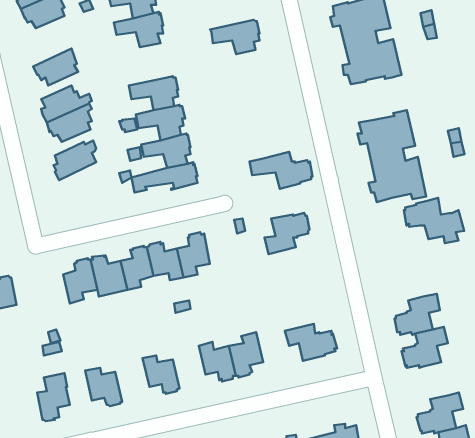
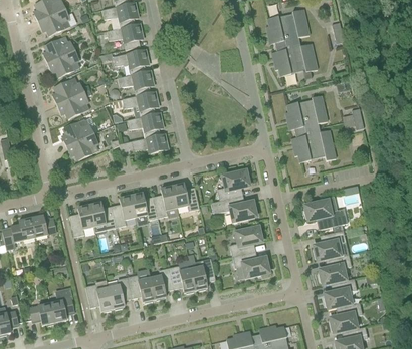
building: [210,20,259,54] -> [112,48,148,73]
building: none -> [42,35,74,62]
building: [250,152,313,189] -> [210,195,256,222]
building: none -> [65,132,97,159]
building: [404,198,464,243] -> [302,198,347,231]
building: none -> [172,182,199,210]
building: none -> [30,214,55,237]
building: none -> [229,226,262,256]
building: none -> [149,267,173,299]
building: none -> [107,276,132,309]
building: none -> [323,277,356,307]
building: none -> [28,301,53,324]

